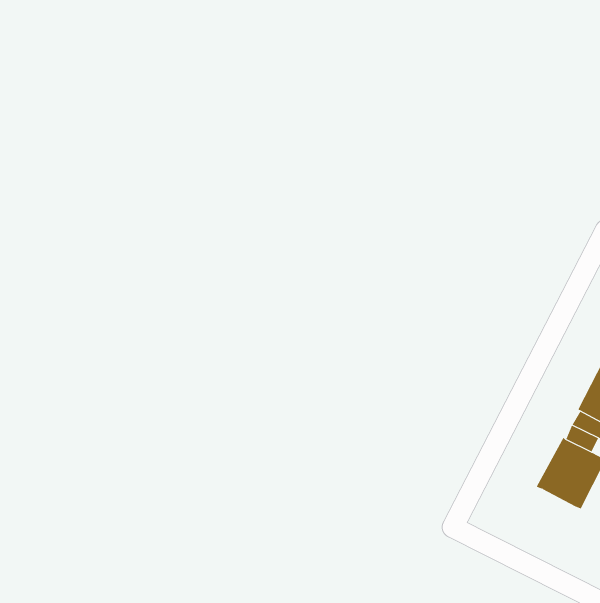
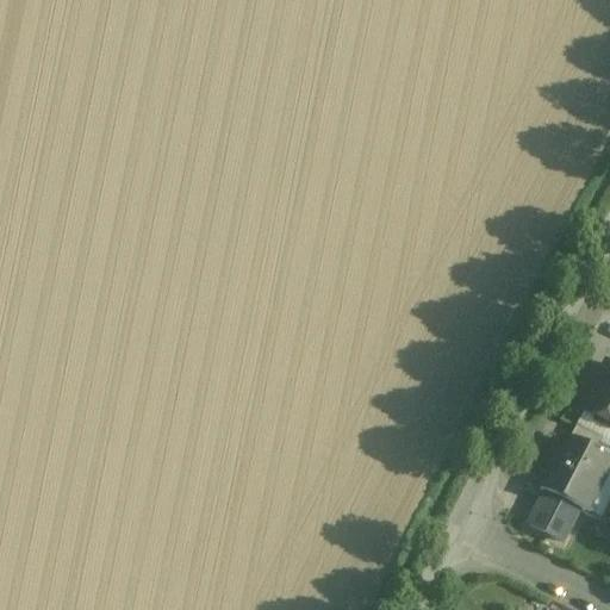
building: none -> [534,491,584,541]

